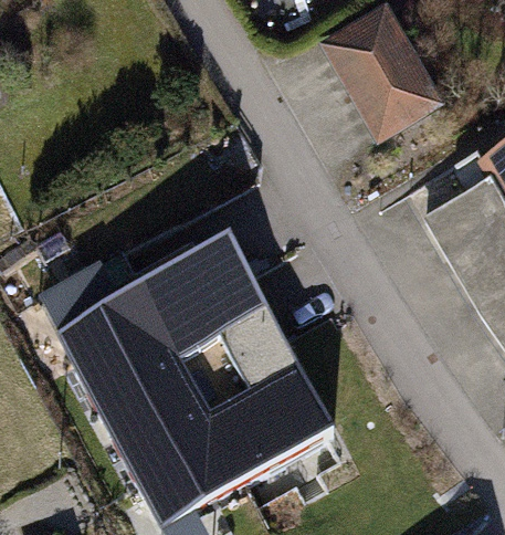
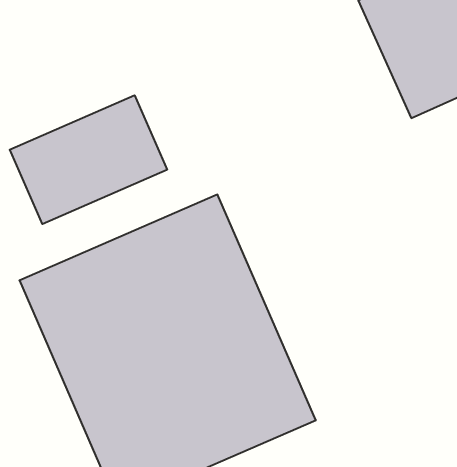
building: none -> [10,95,167,224]

